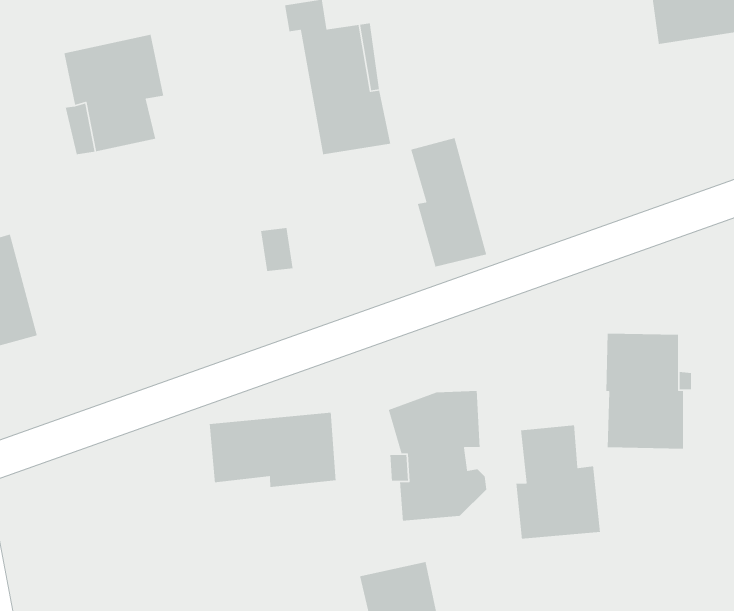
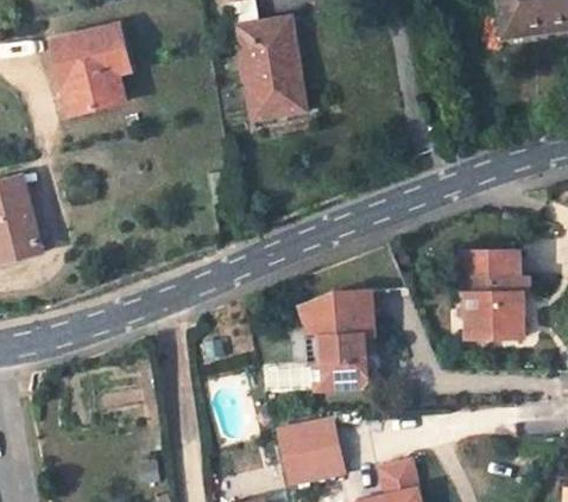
building: [410,137,487,267] -> none
building: [209,412,336,488] -> none
building: [516,424,601,540] -> none

